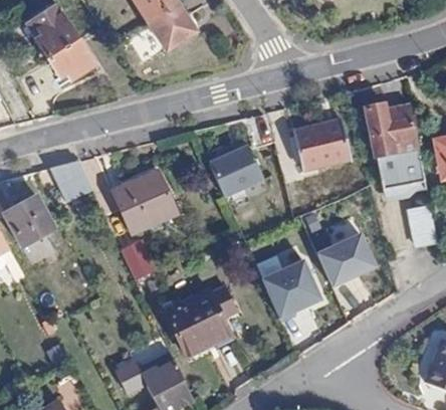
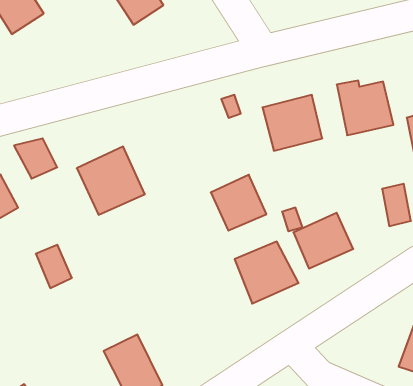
building: [47,38,94,78] -> none
building: [210,144,264,198] -> [211,175,266,231]
building: [379,147,426,187] -> none
building: [121,238,156,280] -> [36,245,72,288]
building: [164,287,231,357] -> none

